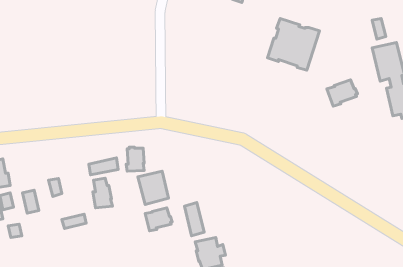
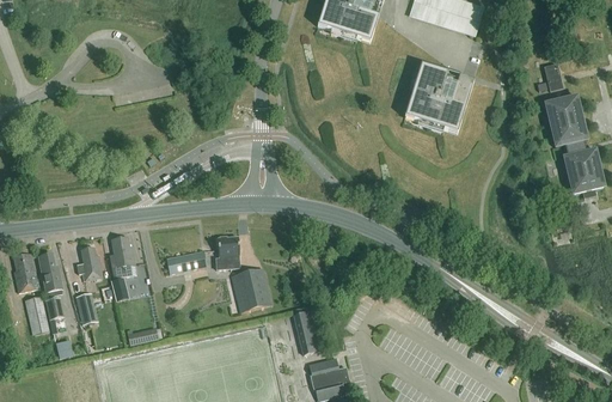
building: [327,80,357,106] -> none
building: none -> [76,246,103,279]
building: [93,178,112,208] -> [110,236,136,275]
building: [145,208,172,231] -> none

